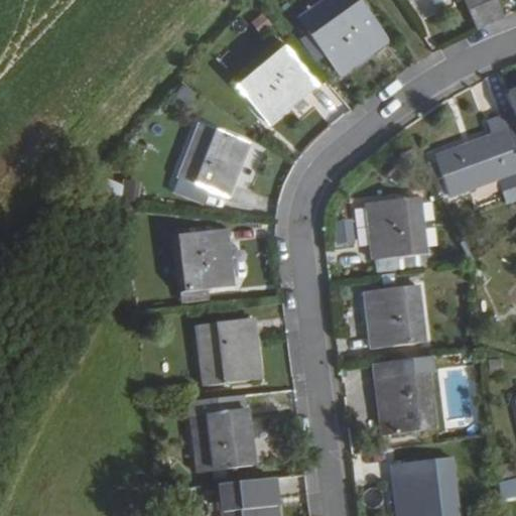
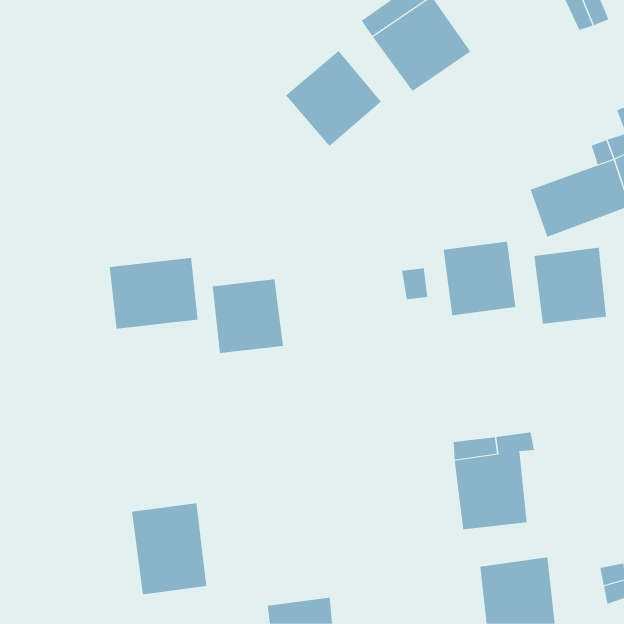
building: [180,125,252,200] -> none
building: none -> [109,257,198,330]
building: [365,285,425,349] -> [534,247,607,324]
building: [197,318,260,388] -> none
building: [189,397,252,473] -> [131,503,207,595]

